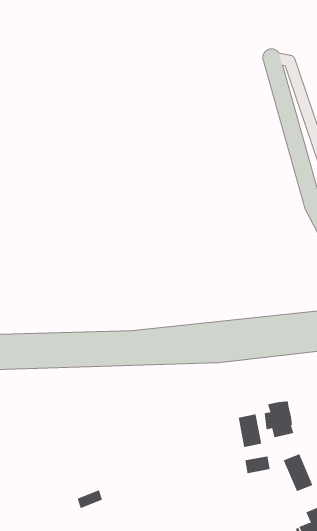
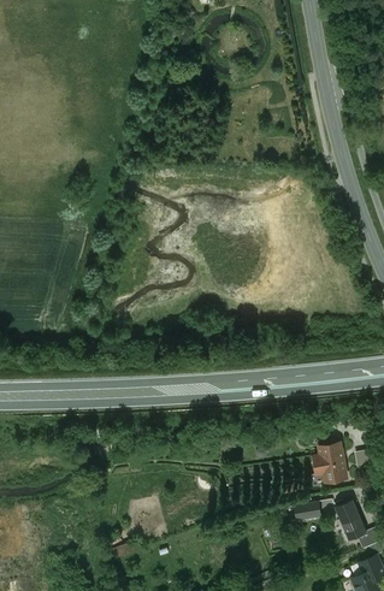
building: [238,413,262,448] -> none

